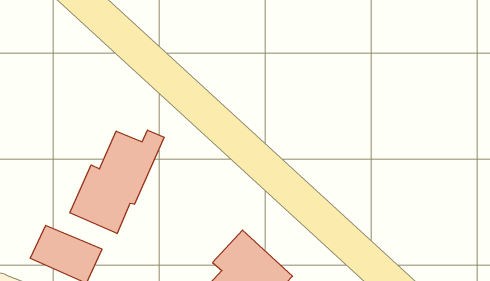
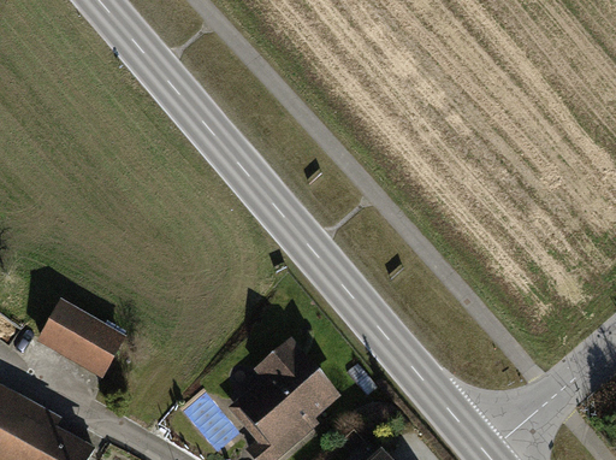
building: [70,130,164,234] -> none

